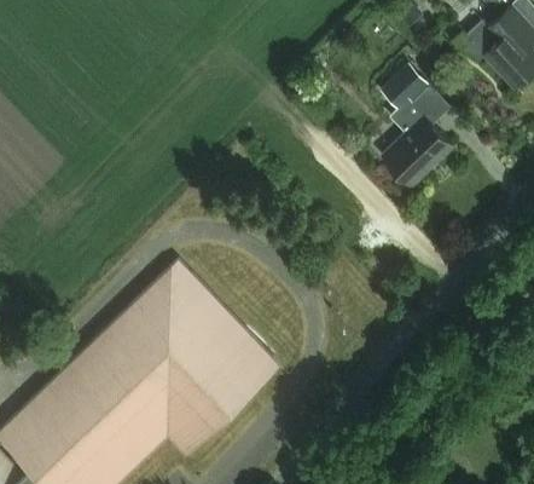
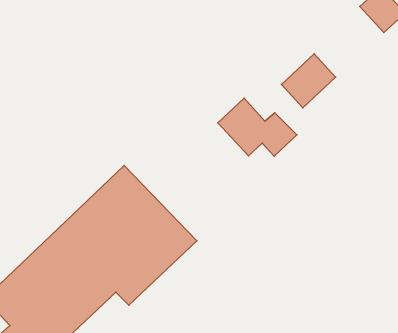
building: [379,65,449,127] -> none
building: none -> [218,98,297,156]

